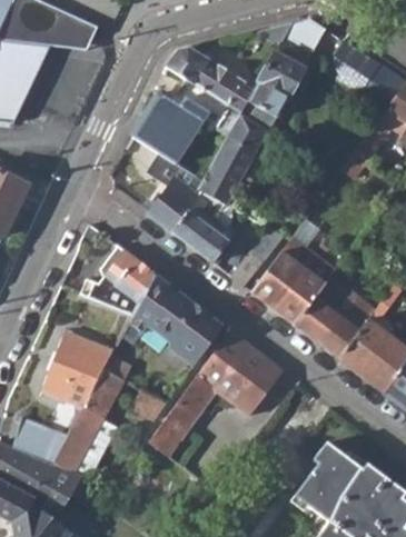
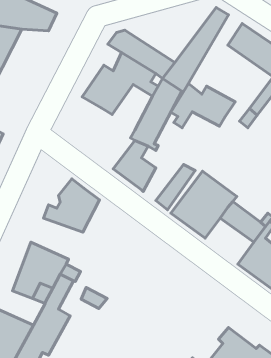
building: none -> [171,84,235,128]
building: [146,151,202,232] -> none
building: [130,274,225,366] -> none
building: [296,298,360,359] -> none
building: [148,332,285,457] -> none

